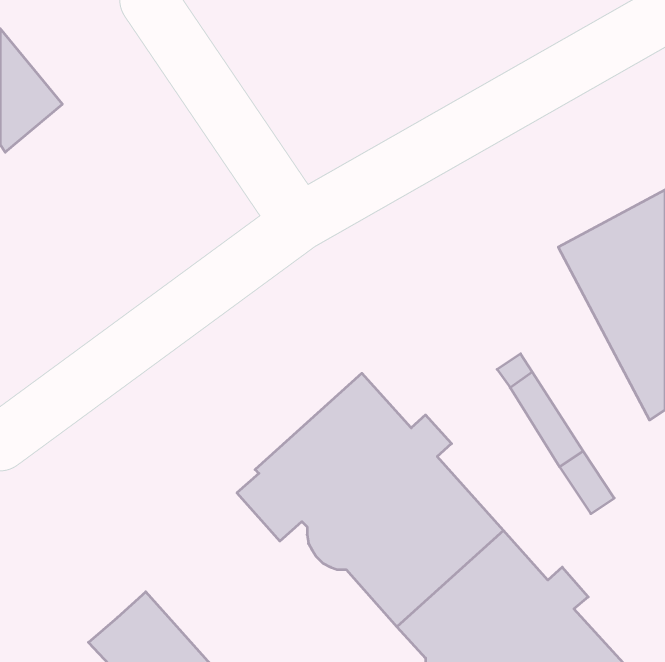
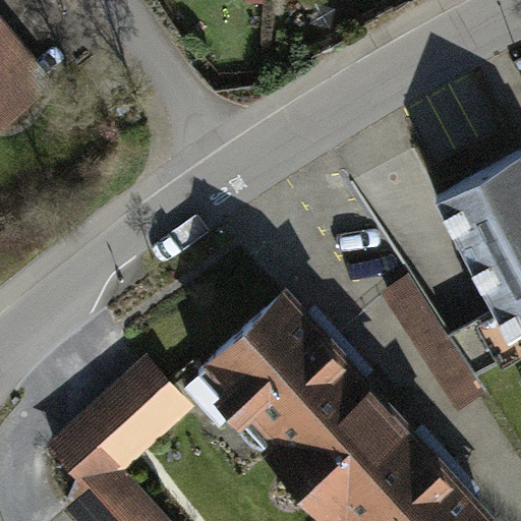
building: none -> [57,364,182,485]

